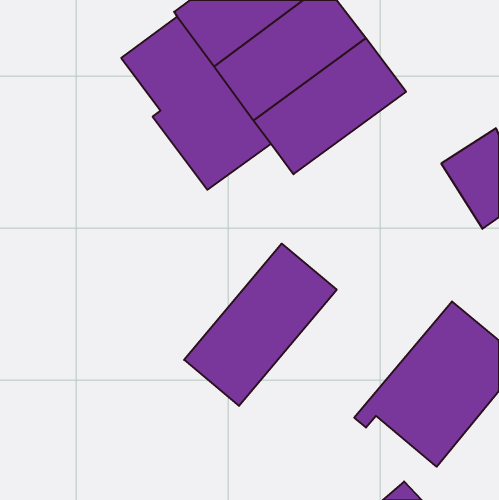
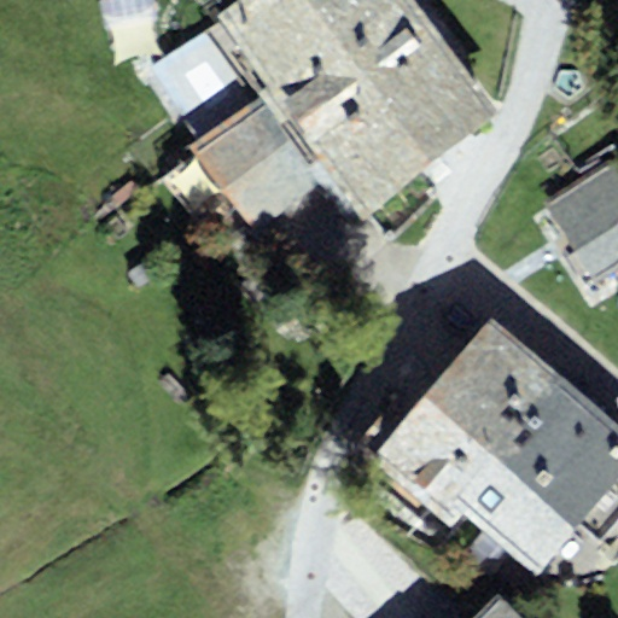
building: [184,244,337,406] -> [369,315,558,515]

